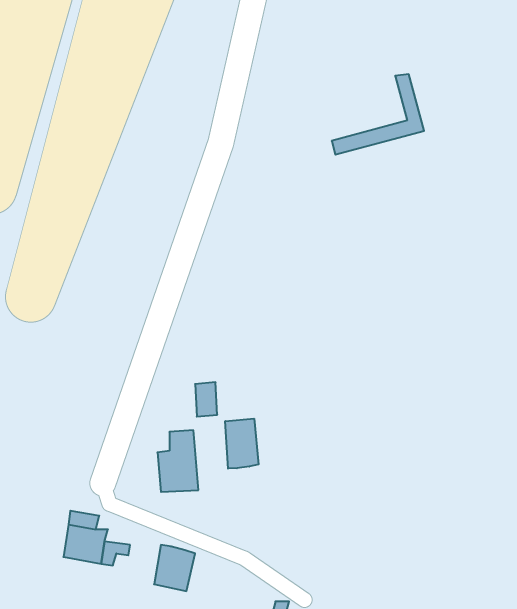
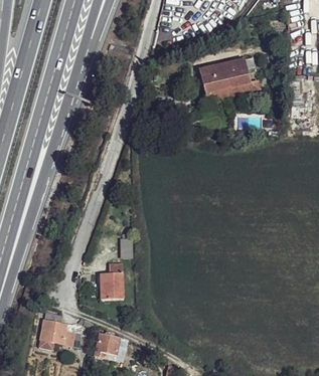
building: none -> [192,57,244,96]
building: [225,419,259,469] -> none

